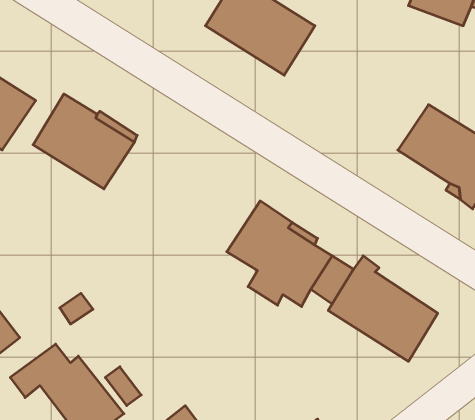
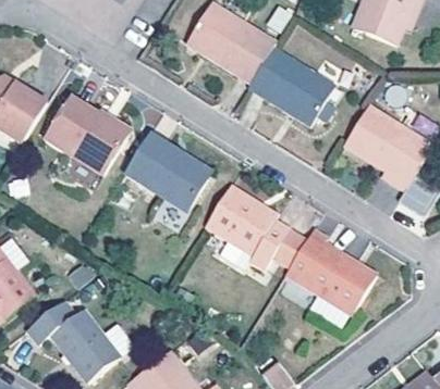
building: none -> [248,47,335,124]
building: none -> [126,133,211,211]

